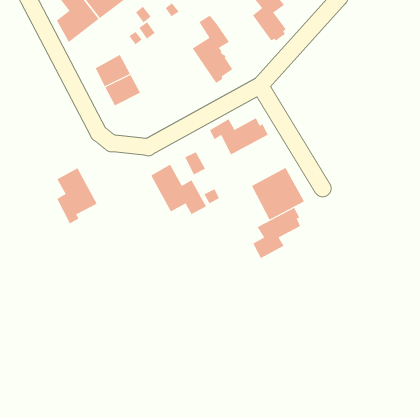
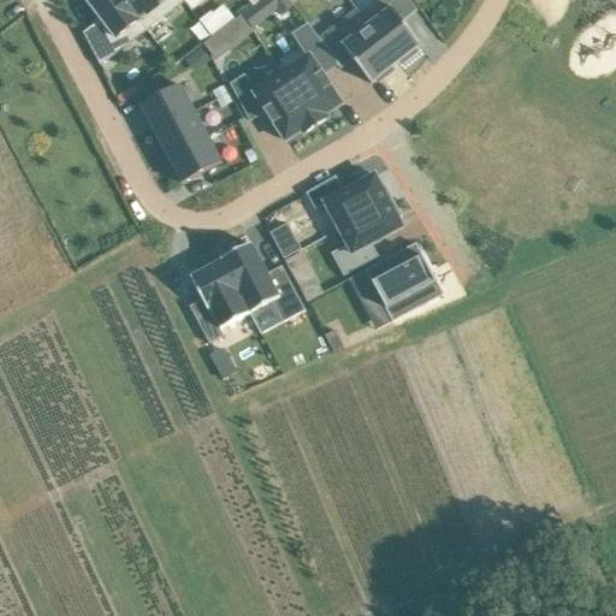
building: none -> [318,7,396,81]
building: none -> [227,71,315,138]
building: none -> [167,136,221,184]
building: [56,168,98,224] -> [189,257,249,340]
building: [247,207,301,259] -> [322,197,402,273]

